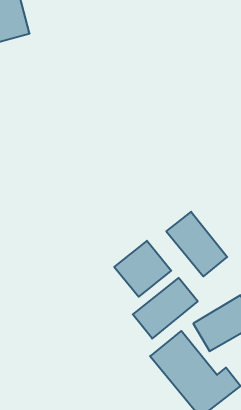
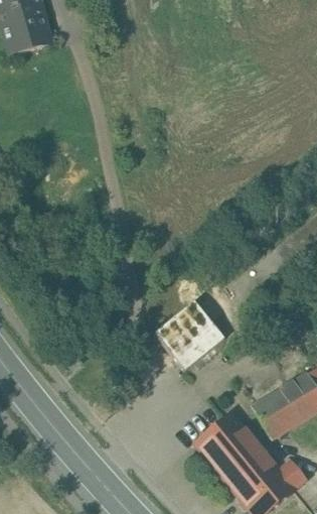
building: [166,212,227,276] -> none
building: [133,278,198,339] -> none

